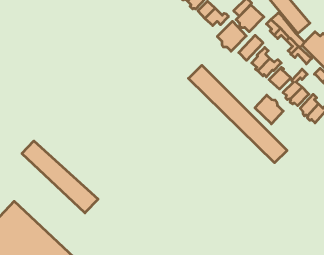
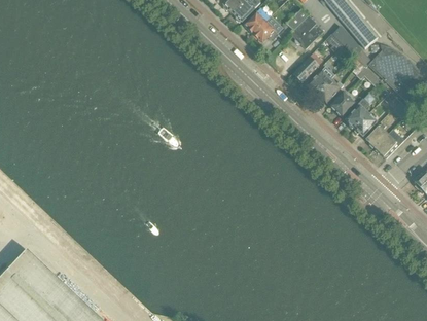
building: [217,21,246,51] -> none
building: [188,65,287,163] -> none
building: [255,95,283,124] -> none
building: [22,141,98,213] -> none

